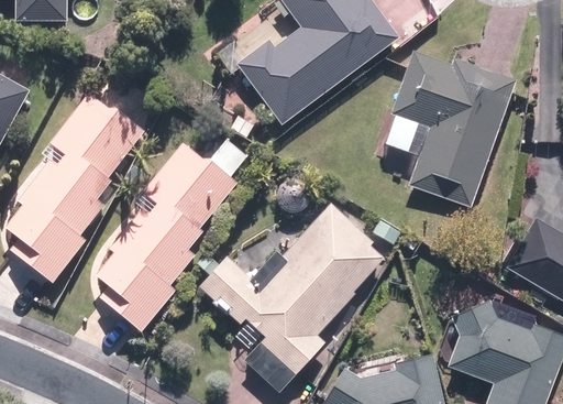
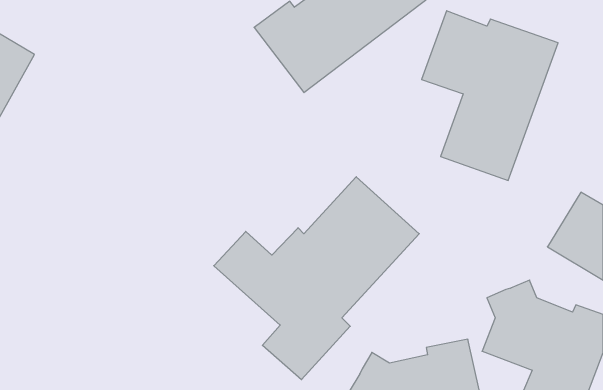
building: [7,89,146,284] -> none
building: [96,141,236,332] -> none

